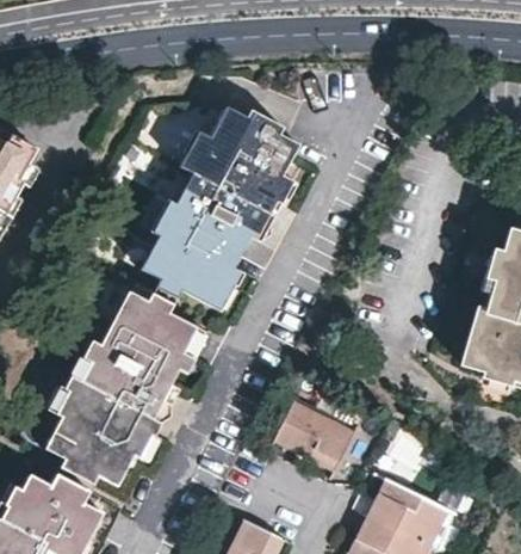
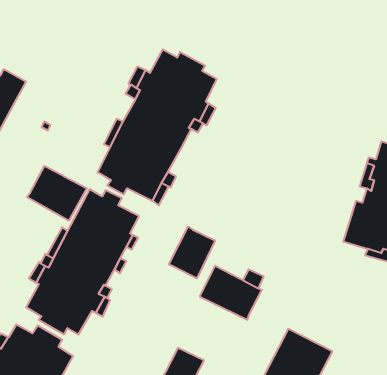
building: none -> [27,166,87,221]
building: none -> [169,227,215,278]

